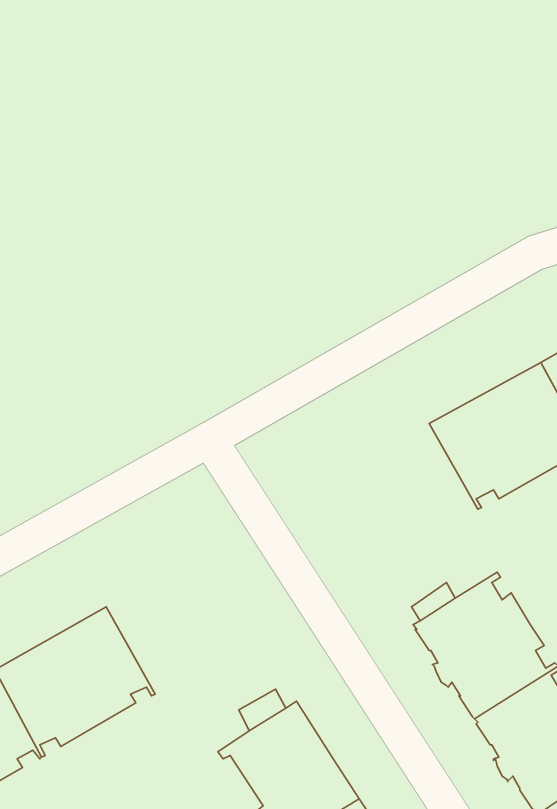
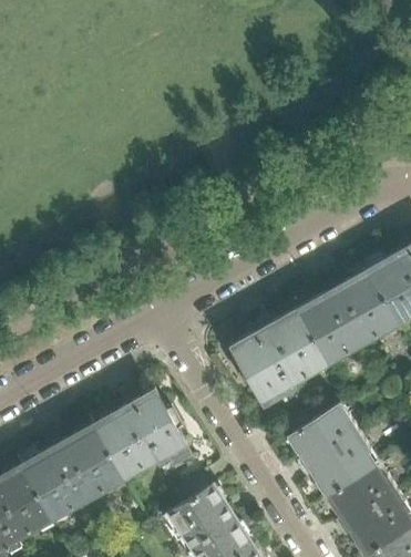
building: none -> [238,309,328,402]
building: none -> [92,390,193,481]

